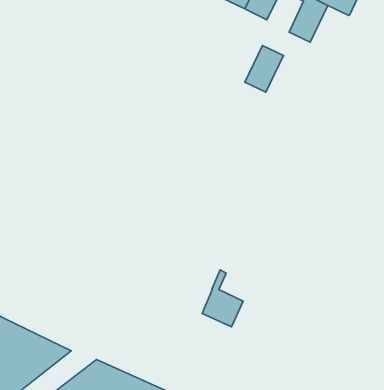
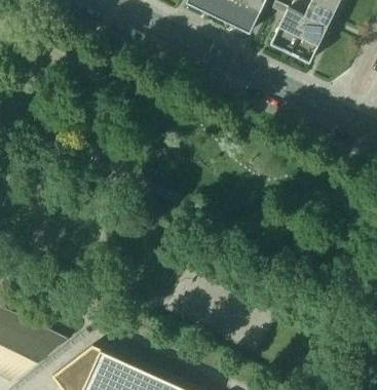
building: [245,46,283,92] -> [290,18,326,62]
building: [202,270,243,327] -> none

